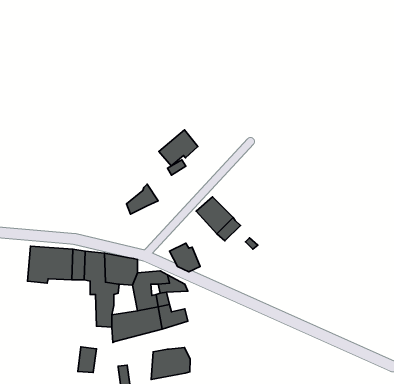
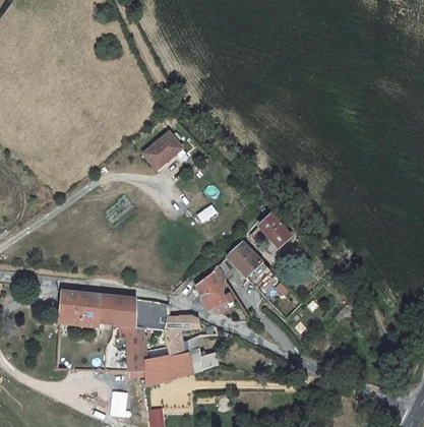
building: [159,130,198,166] -> [143,134,182,170]
building: none -> [258,214,297,245]
building: [126,184,158,214] -> [195,265,227,295]
building: [151,347,190,380] -> none

